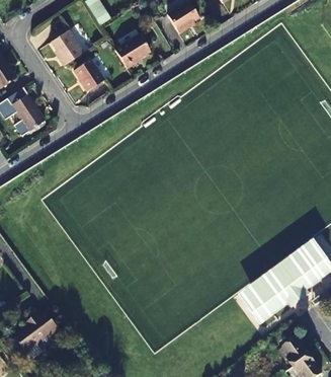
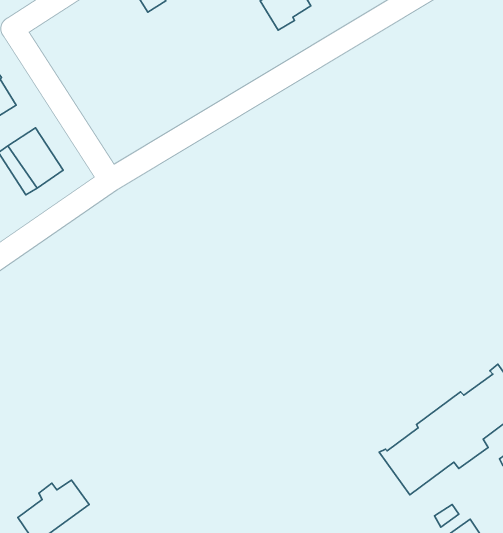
building: [50,29,82,65] -> none
building: [113,33,149,68] -> none
building: [73,59,103,90] -> none

